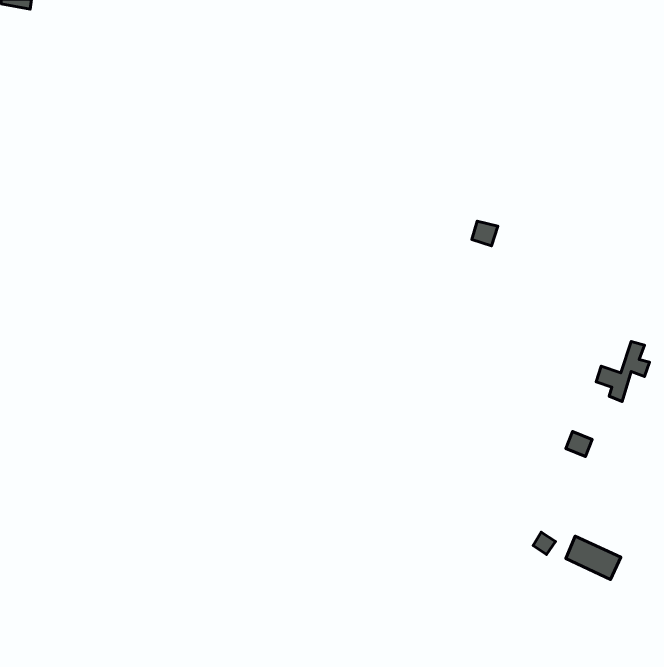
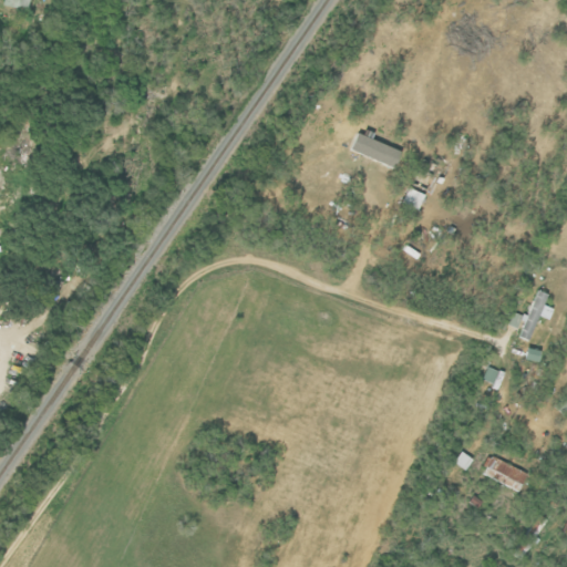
building: none -> [347,132,402,167]

